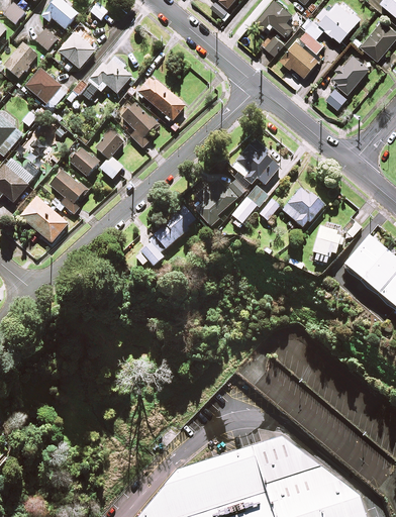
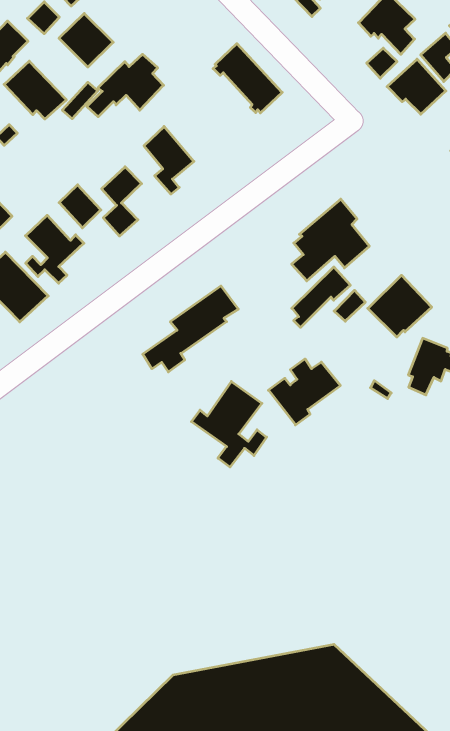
building: [136,77,184,121] -> [213,44,282,113]
building: [190,182,237,226] -> [268,359,340,425]
building: none -> [191,381,267,467]

